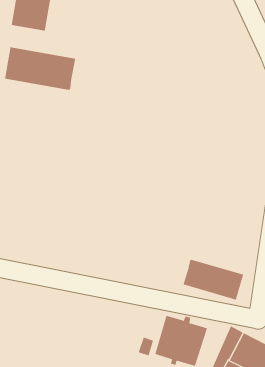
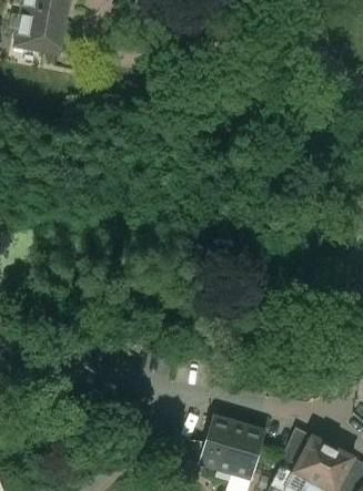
building: [5,47,76,90] -> none
building: [183,259,244,301] -> none

